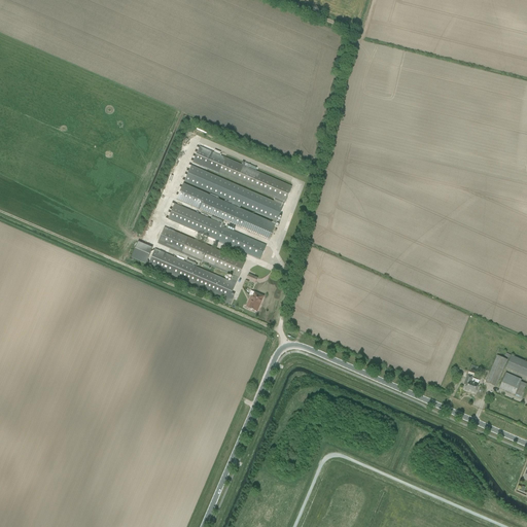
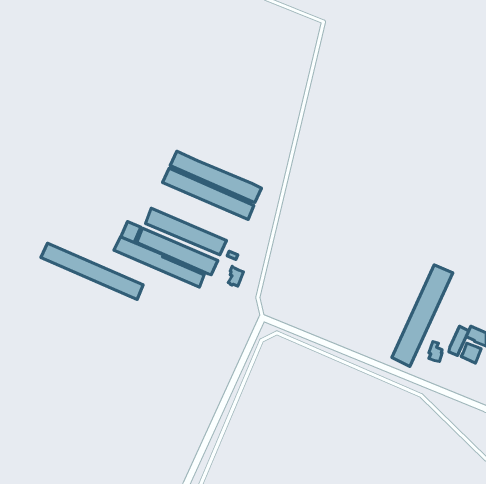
building: [192,145,291,204] -> none
building: [168,203,266,257] -> [114,237,204,287]
building: none -> [41,243,143,300]
building: none -> [392,265,453,366]

